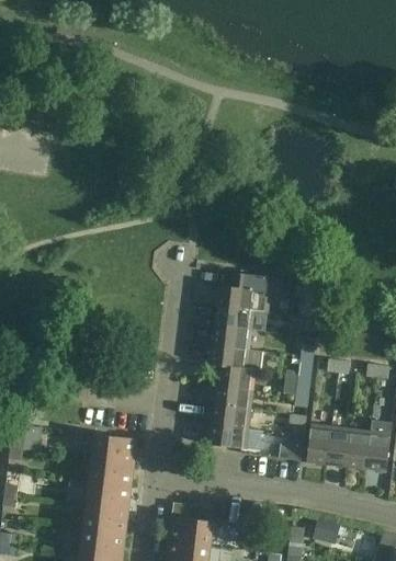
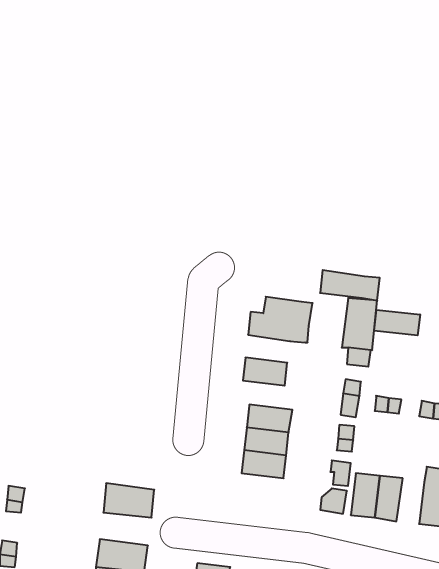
building: none -> [374,310,420,335]
building: [215,306,267,332] -> [320,270,380,301]
building: [210,345,262,370] -> none
building: [208,425,261,451] -> none
building: [346,430,370,469] -> none
building: [89,459,134,488] -> none

